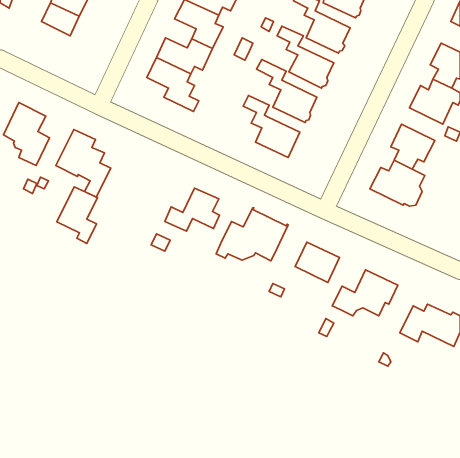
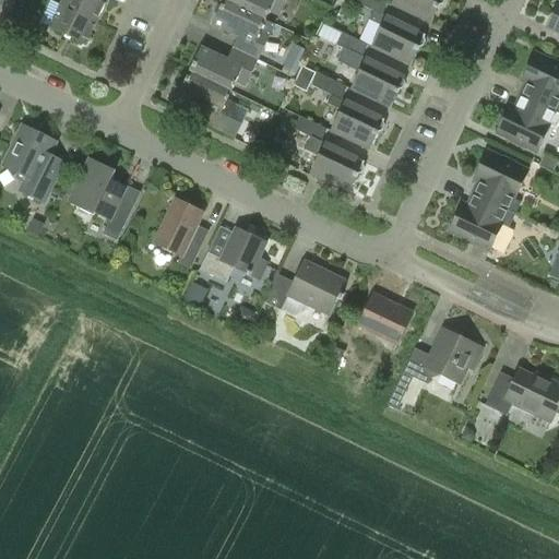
building: [57,187,97,243] -> [154,199,203,267]

